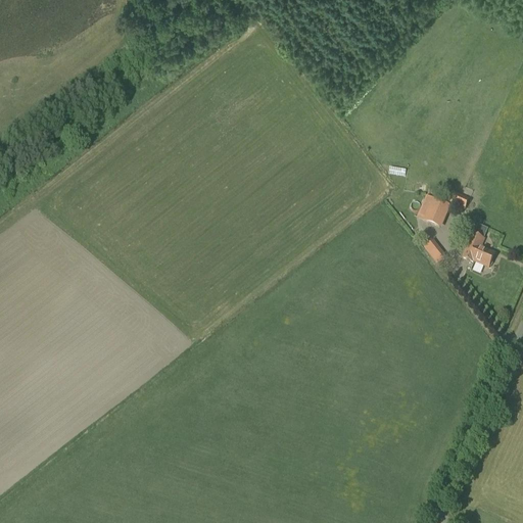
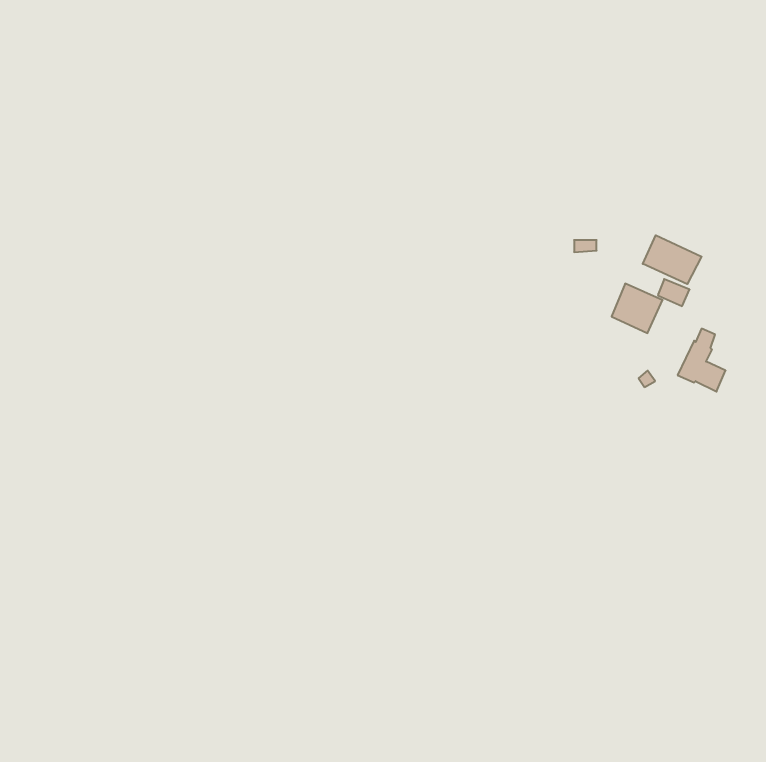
building: none -> [643,235,702,284]

